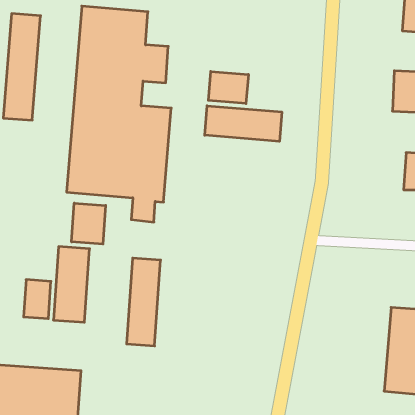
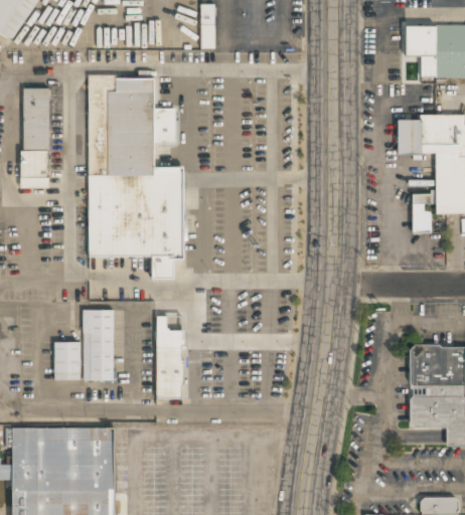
building: [208,71,248,104] -> none
building: [205,106,282,141] -> none
building: [72,203,106,244] -> none

